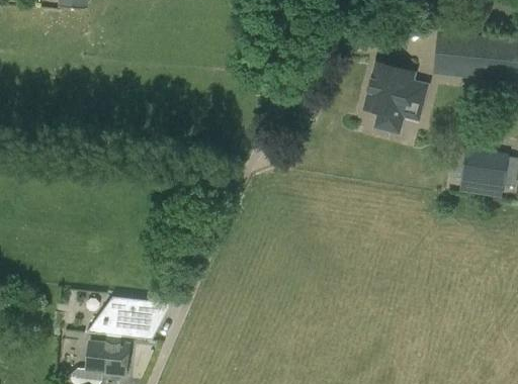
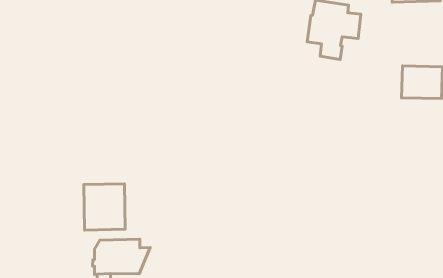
building: none -> [84,184,125,230]

